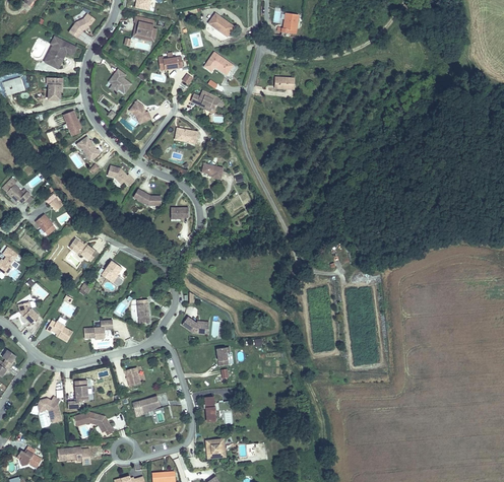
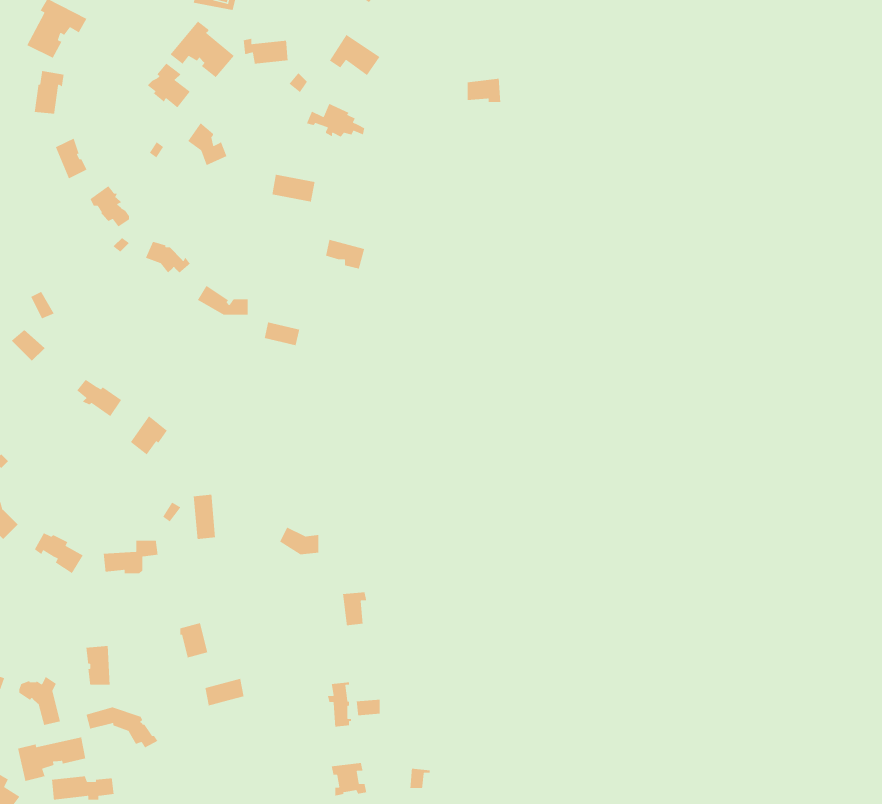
building: none -> [170,21,235,78]
building: none -> [17,736,86,782]

